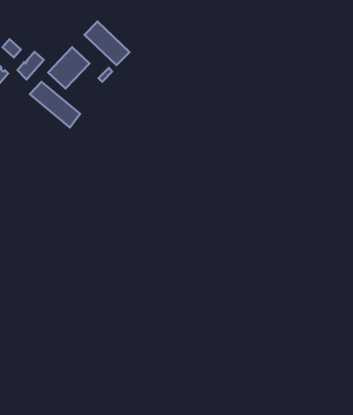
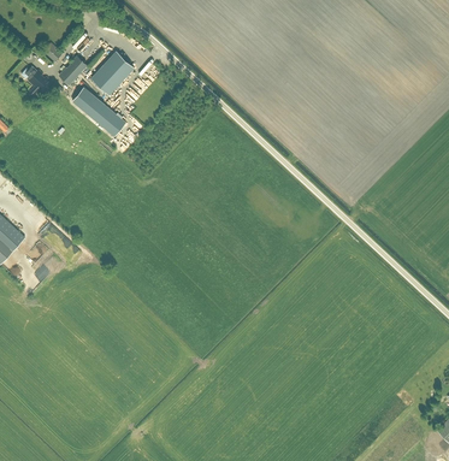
building: [84,22,129,65] -> none

